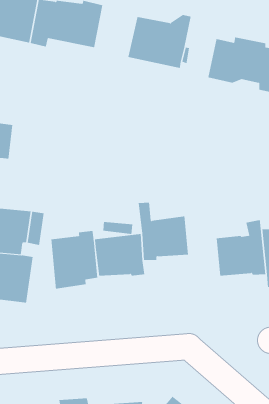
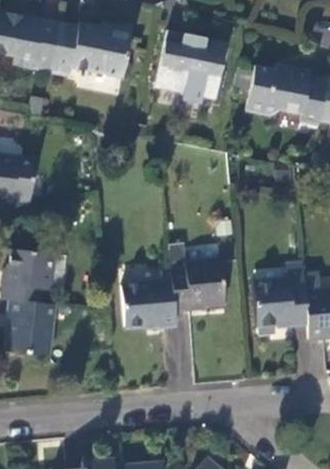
building: [51,230,98,289] -> none

